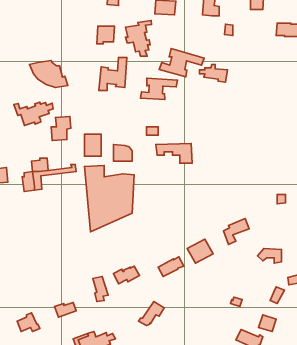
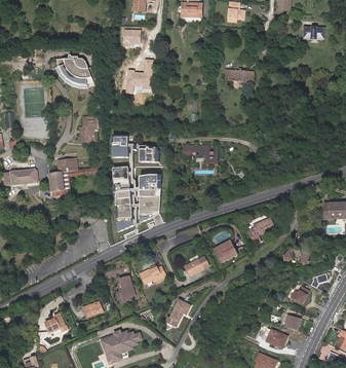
building: [125,20,152,56] -> none
building: [159,49,204,77] -> none
building: [141,78,177,100] -> none
building: [14,102,53,125] -> none

